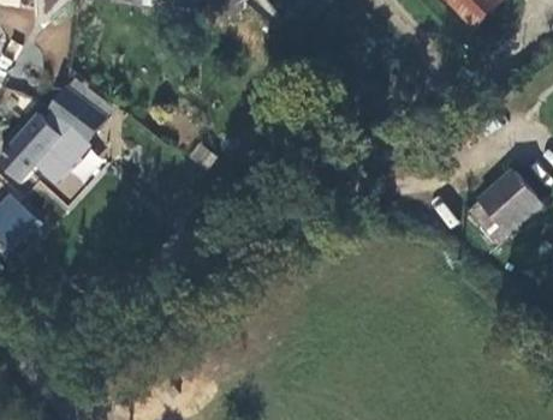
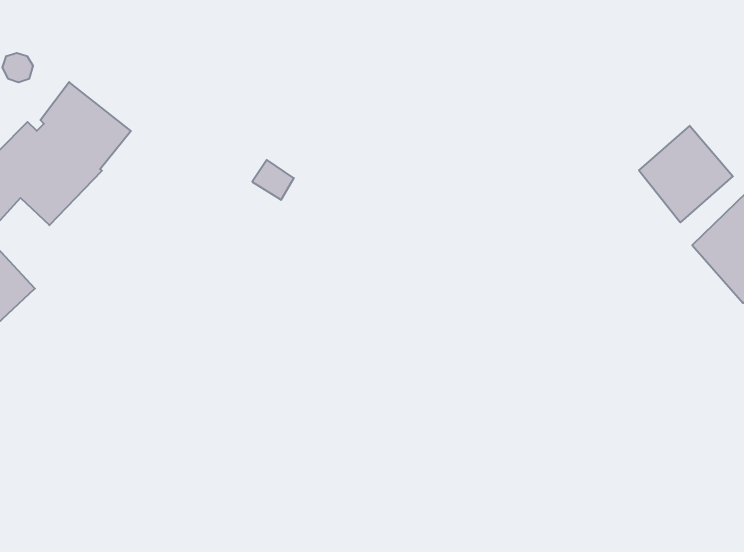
building: none -> [639,126,733,222]

